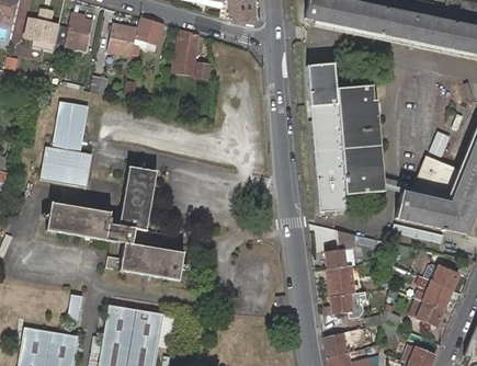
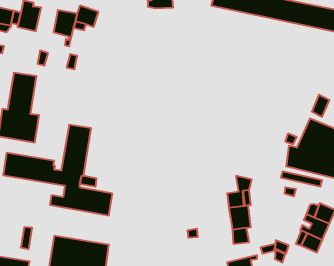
building: [167,30,201,89] -> none
building: [307,62,383,211] -> none

